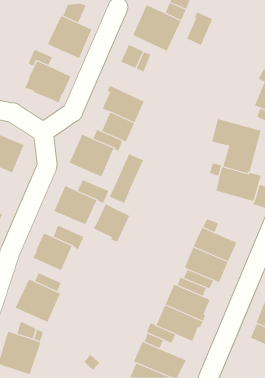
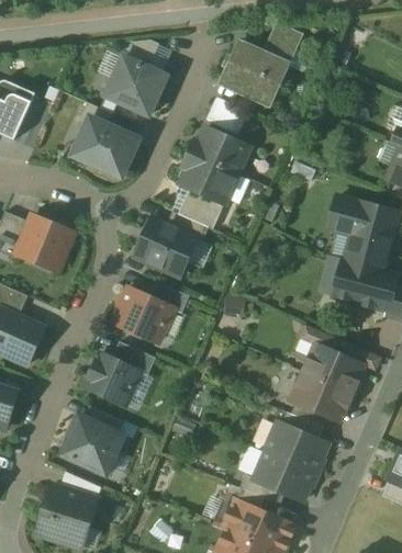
building: [187,12,213,46] -> none
building: none -> [190,128,249,174]
building: [109,154,144,203] -> none
building: [93,204,130,243] -> none

